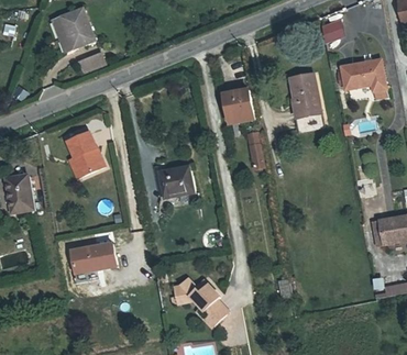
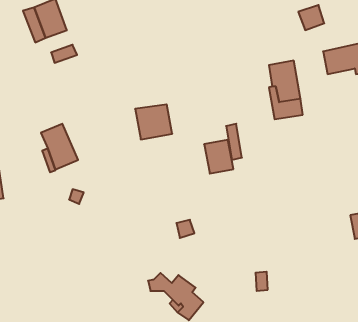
building: [228,88,256,121] -> [204,140,233,174]
building: [158,166,195,200] -> [135,104,172,139]
building: [72,244,117,286] -> none

